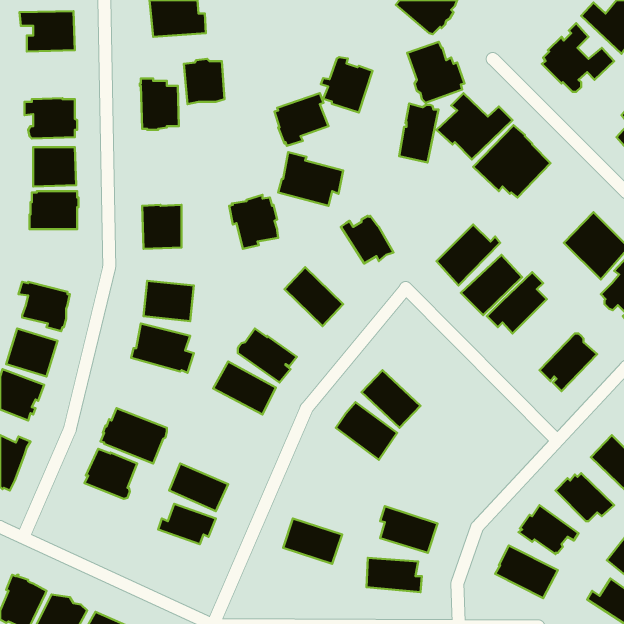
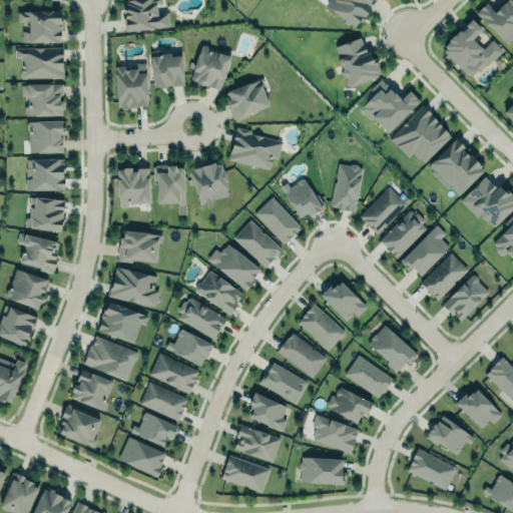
building: none -> [15,48,64,80]
building: [321,57,372,112] -> [189,45,231,90]
building: [399,104,439,162] -> [332,163,364,211]
building: none -> [430,137,484,194]
building: none -> [154,164,186,206]
building: none -> [25,196,65,230]
building: none -> [255,196,302,243]
building: none -> [207,244,261,290]
building: none -> [419,251,470,303]
building: none -> [323,280,368,323]
building: none -> [98,303,149,345]
building: none -> [369,325,419,372]
building: none -> [165,329,213,366]
building: none -> [345,354,393,399]
building: none -> [149,355,199,394]
building: none -> [261,364,309,404]
building: none -> [328,388,373,423]
building: none -> [246,395,288,432]
building: none -> [58,408,101,447]
building: none -> [118,436,166,477]
building: none -> [222,454,271,492]

